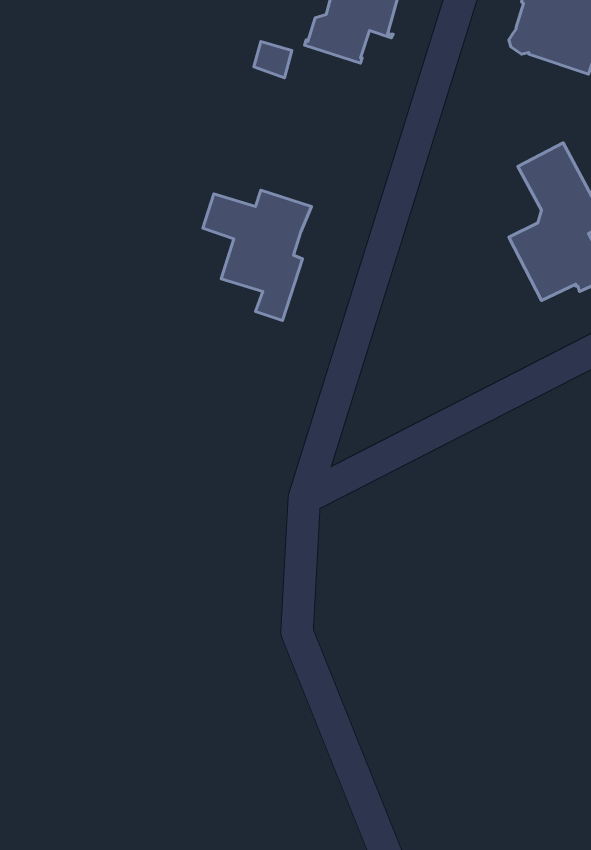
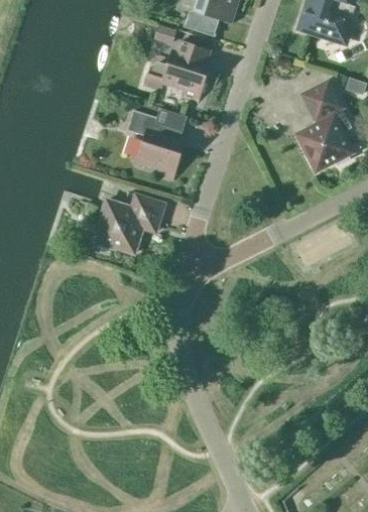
building: none -> [143,40,209,102]
building: none -> [93,195,163,253]

